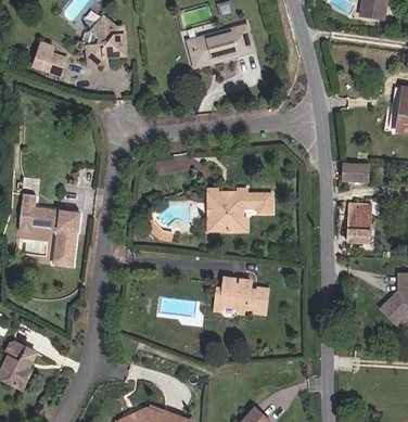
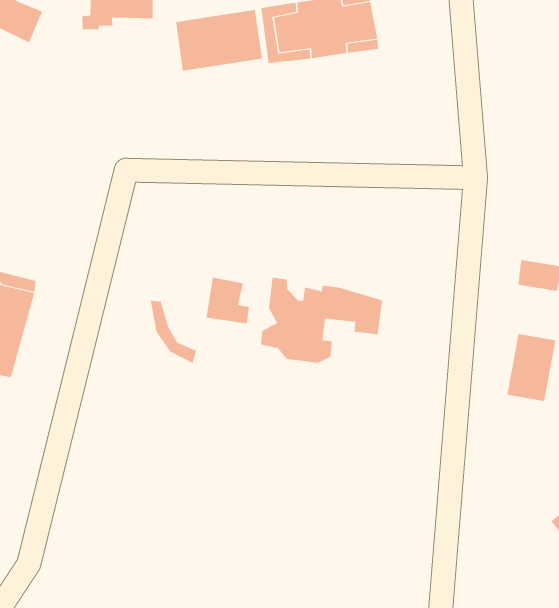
building: none -> [175,9,262,71]
building: none -> [206,277,250,324]
building: [218,282,268,318] -> none

